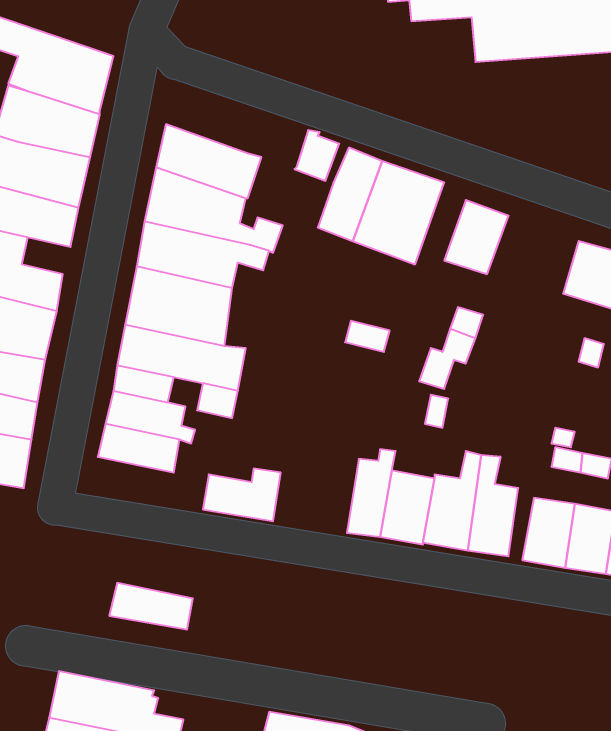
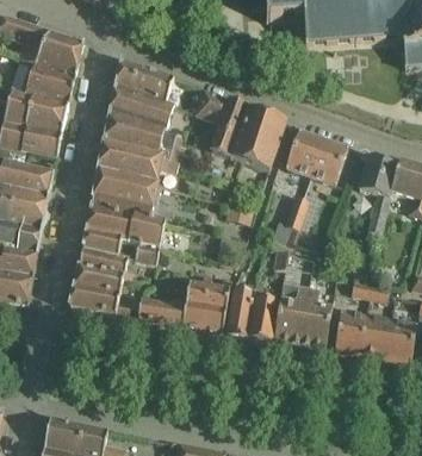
building: none -> [116,57,174,100]
building: none -> [312,138,348,182]
building: none -> [181,274,231,331]
building: [109,583,193,630] -> [69,286,120,314]

